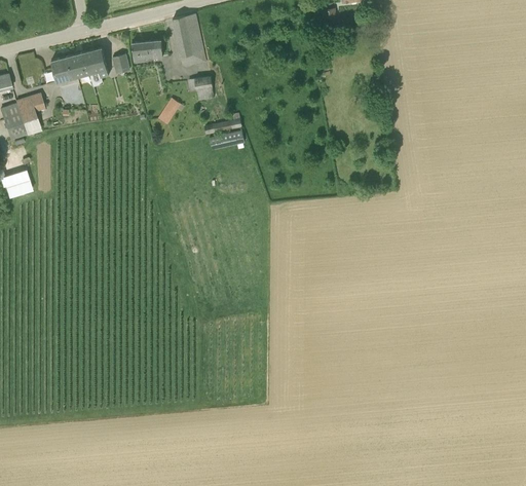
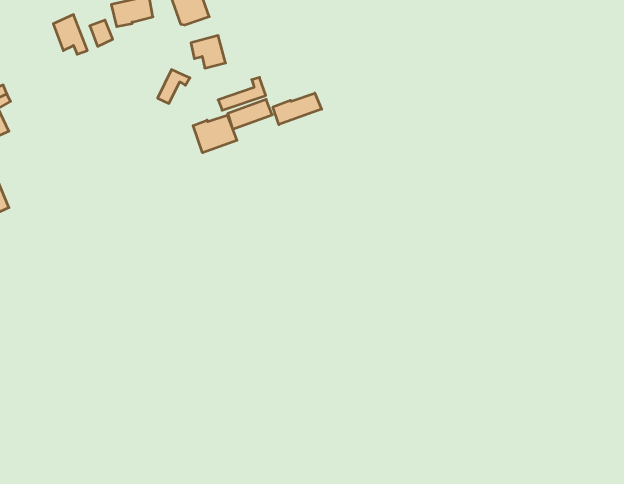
building: [50,52,89,82] -> none
building: none -> [273,93,322,125]
building: none -> [193,115,237,153]

